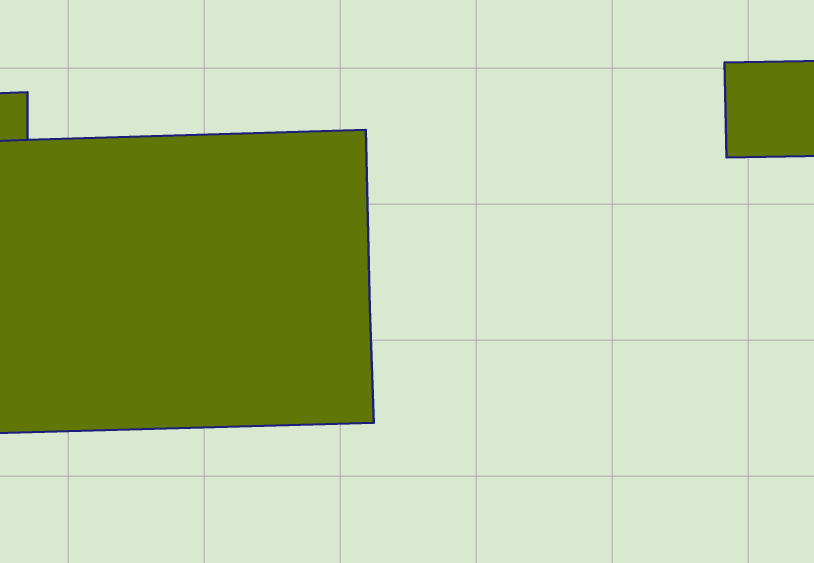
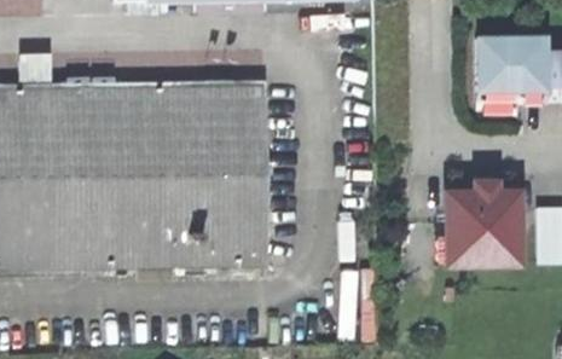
building: none -> [444,186,522,268]

